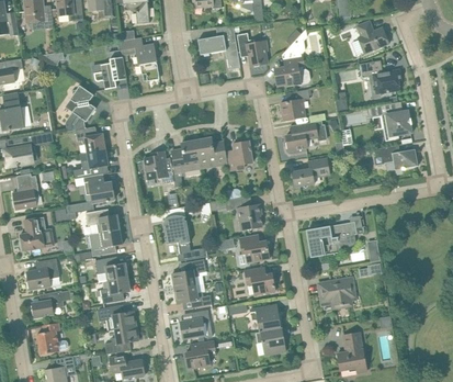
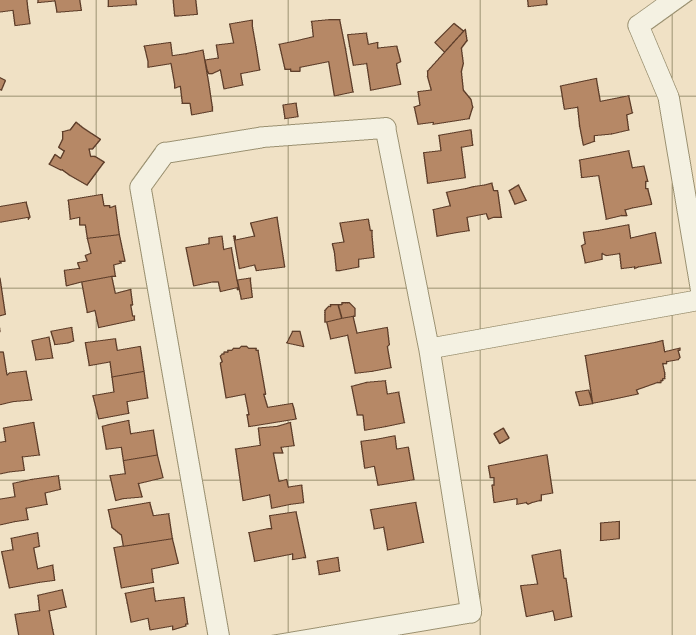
building: [356,21,388,53] -> none
building: [94,49,126,89] -> [205,20,260,89]
building: [196,137,227,168] -> none
building: [292,157,328,188] -> none
building: [309,221,364,257] -> [585,341,680,403]
building: [256,327,285,355] -> none
building: [185,339,216,368] -> none

